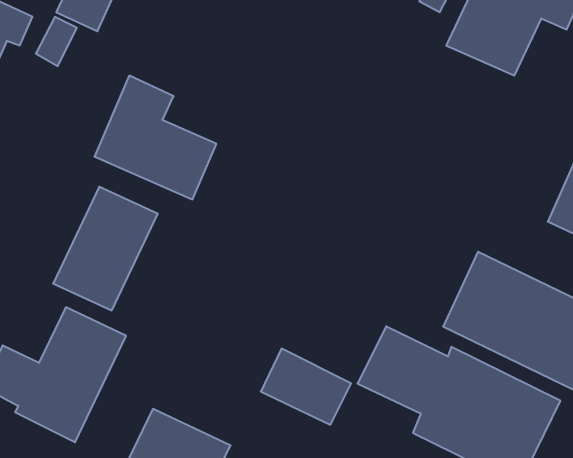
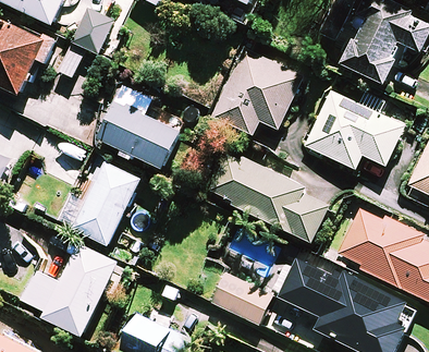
building: none -> [210,46,303,134]
building: none -> [303,90,404,168]
building: none -> [208,154,328,241]

